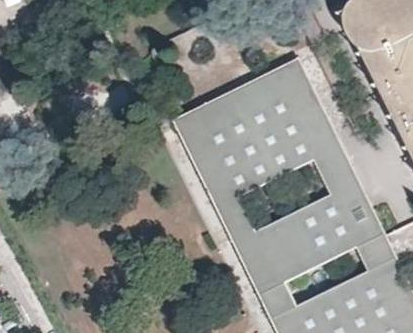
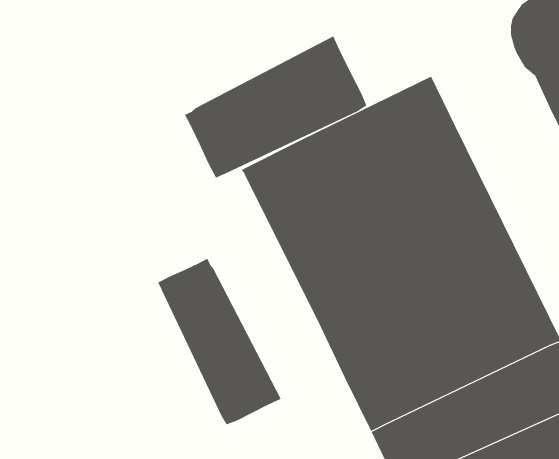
building: none -> [184,36,367,179]
building: none -> [158,258,281,425]

